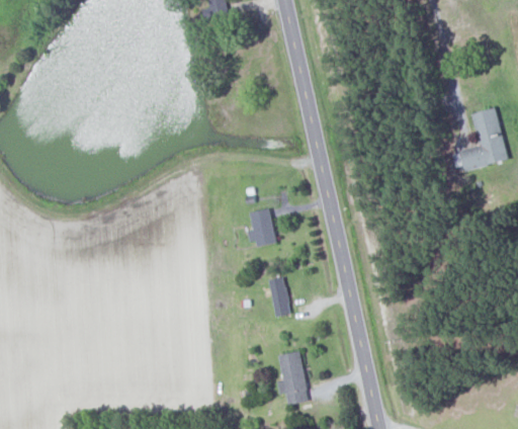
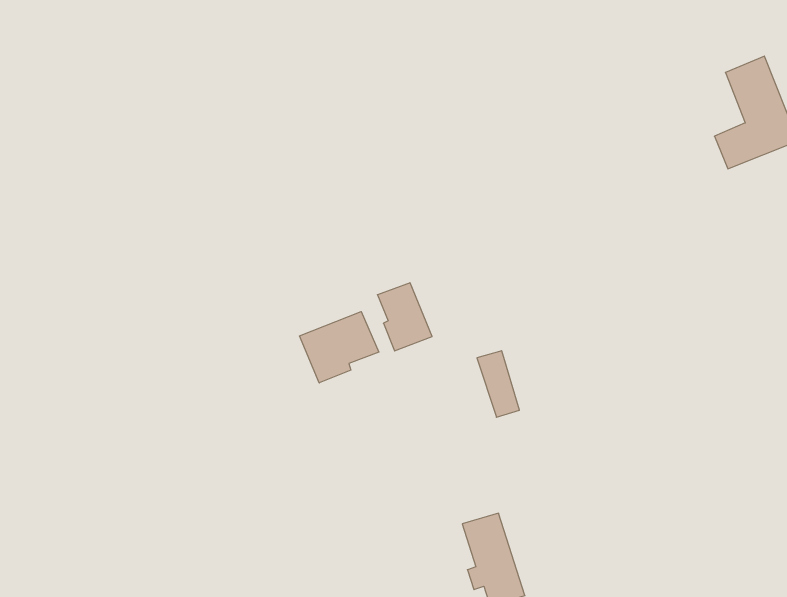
building: none -> [300,312,379,383]
building: [268,277,288,316] -> [477,351,519,417]

